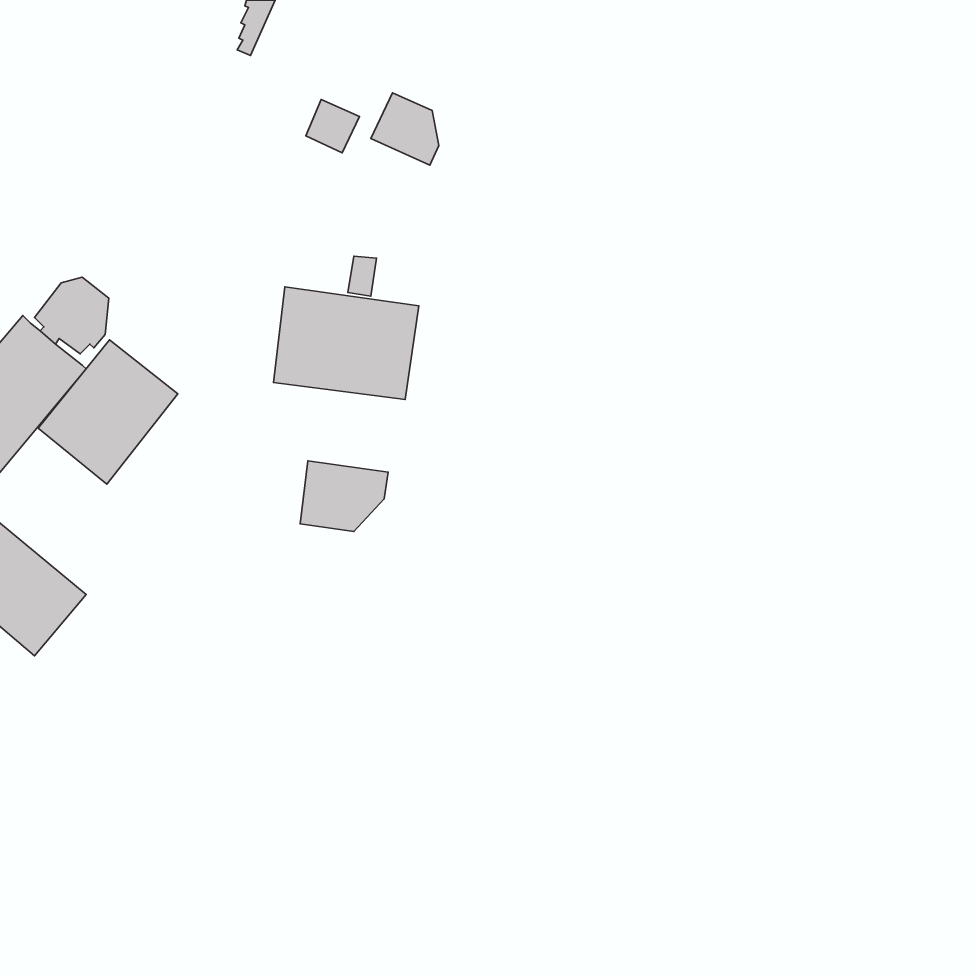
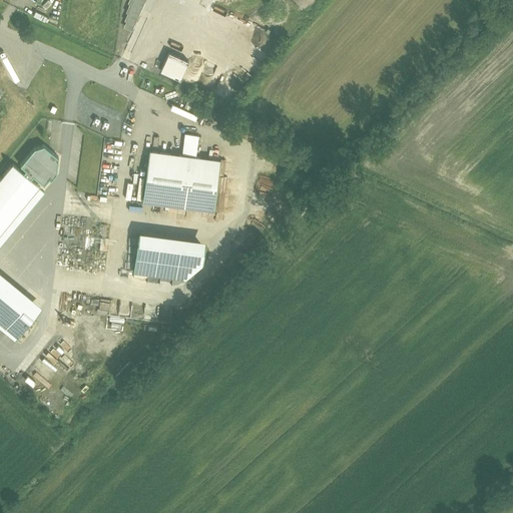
building: [371,93,439,165] -> none
building: [38,340,178,484] -> none
building: none -> [133,239,161,276]

